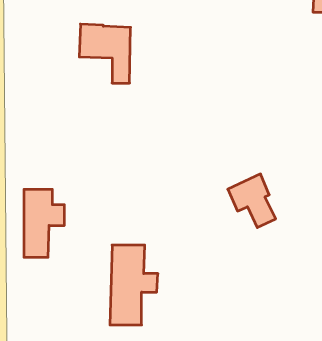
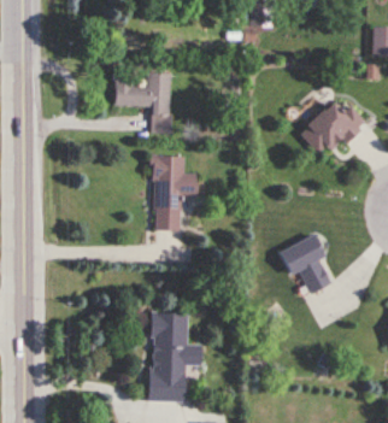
building: none -> [300,100,365,158]
building: [24,189,64,257] -> [153,155,198,230]

